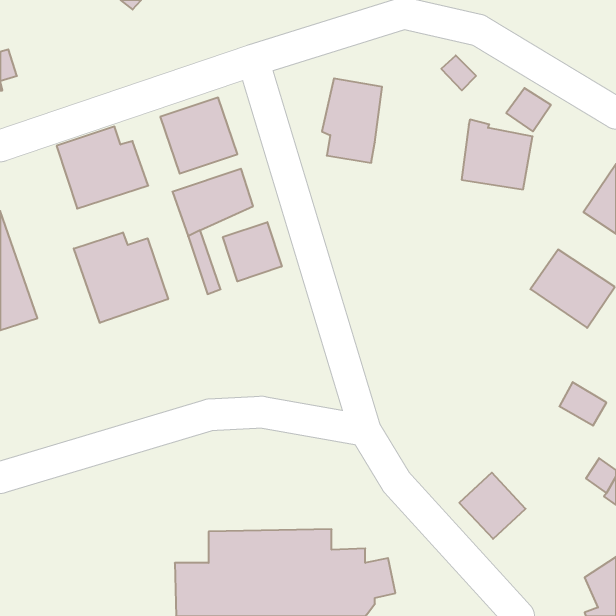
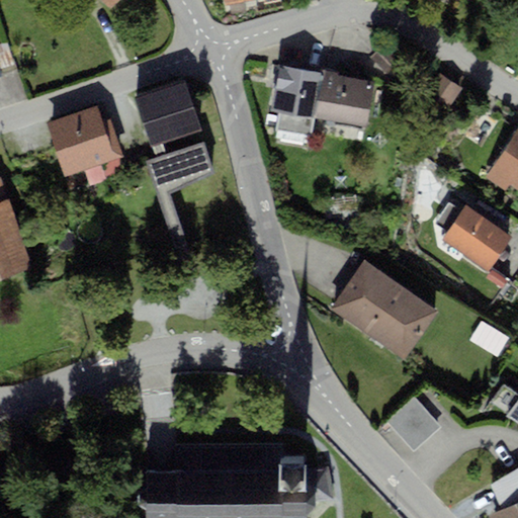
building: [462,120,533,189] -> [315,69,374,127]
building: [223,222,282,281] -> none
building: [74,232,168,323] -> none
building: none -> [329,261,437,361]

